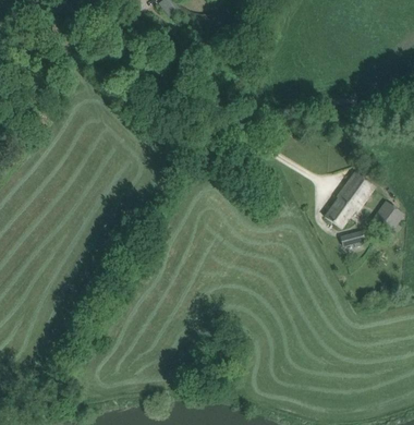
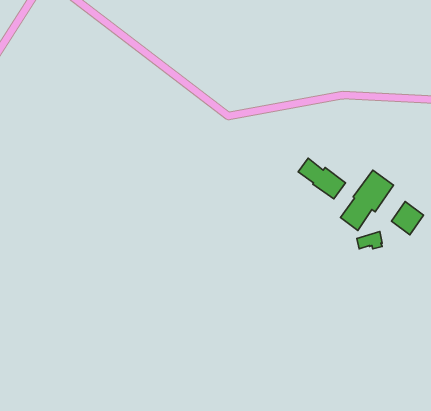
building: none -> [298,158,345,199]

